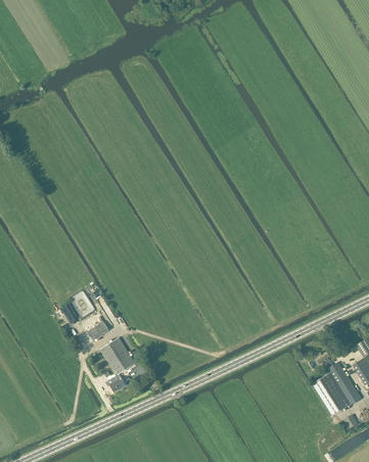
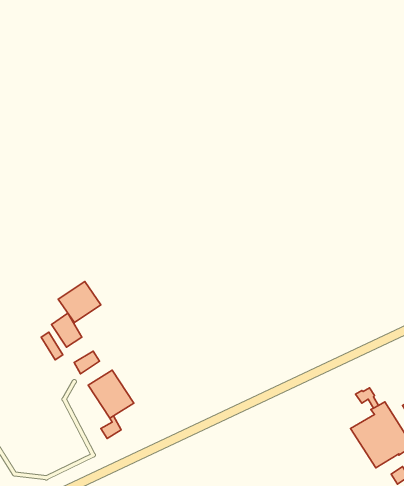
building: none -> [58,282,101,323]

